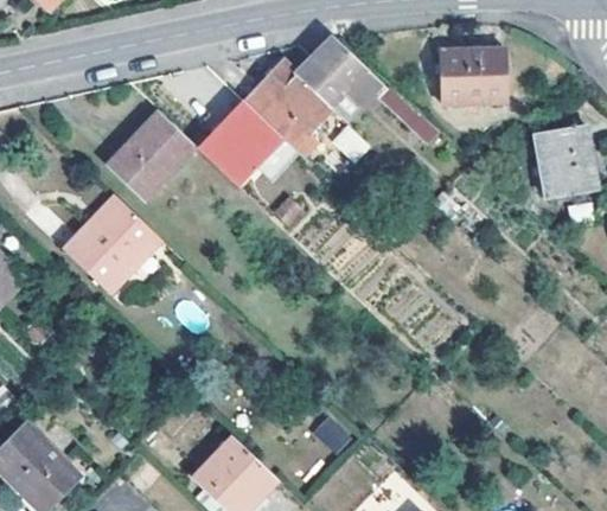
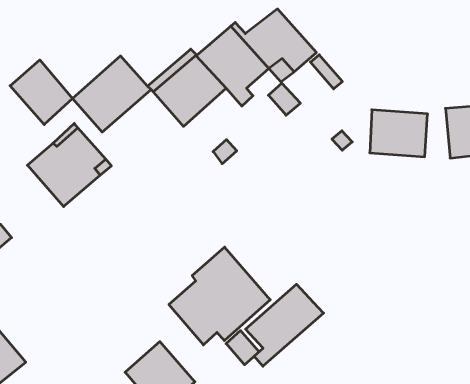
building: [440,50,506,101] -> [370,110,428,157]
building: none -> [10,60,72,125]
building: none -> [169,247,270,345]
building: none -> [246,284,324,366]

